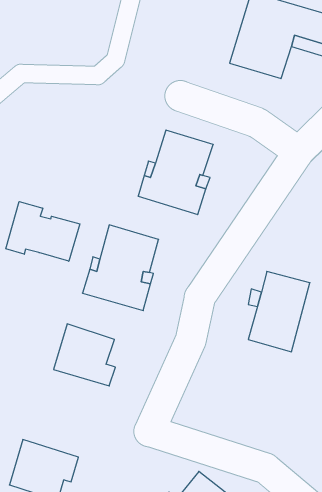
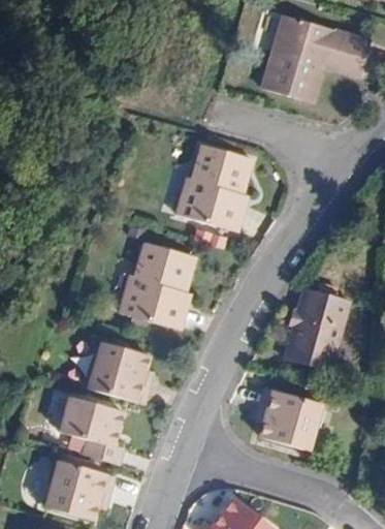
building: [6,202,80,261] -> none
building: none -> [259,386,321,449]
building: none -> [62,396,128,465]

